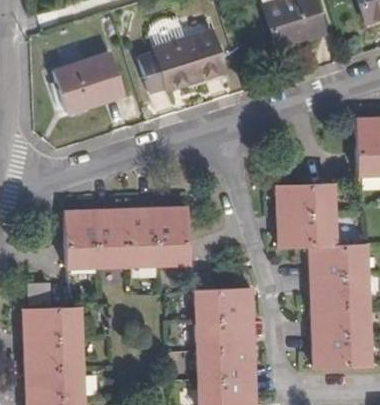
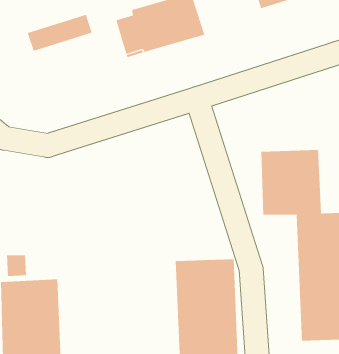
building: [58,71,122,111] -> none
building: [67,207,192,268] -> none

